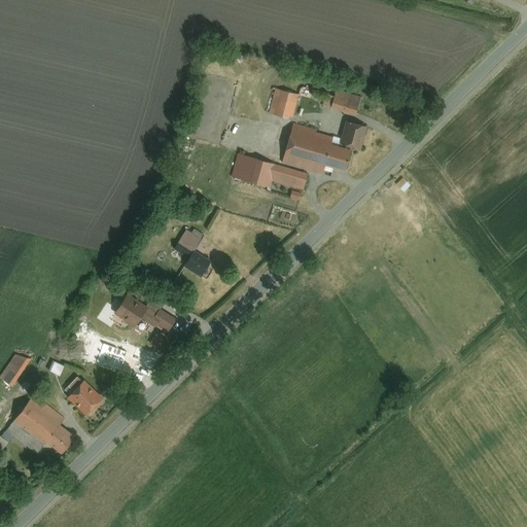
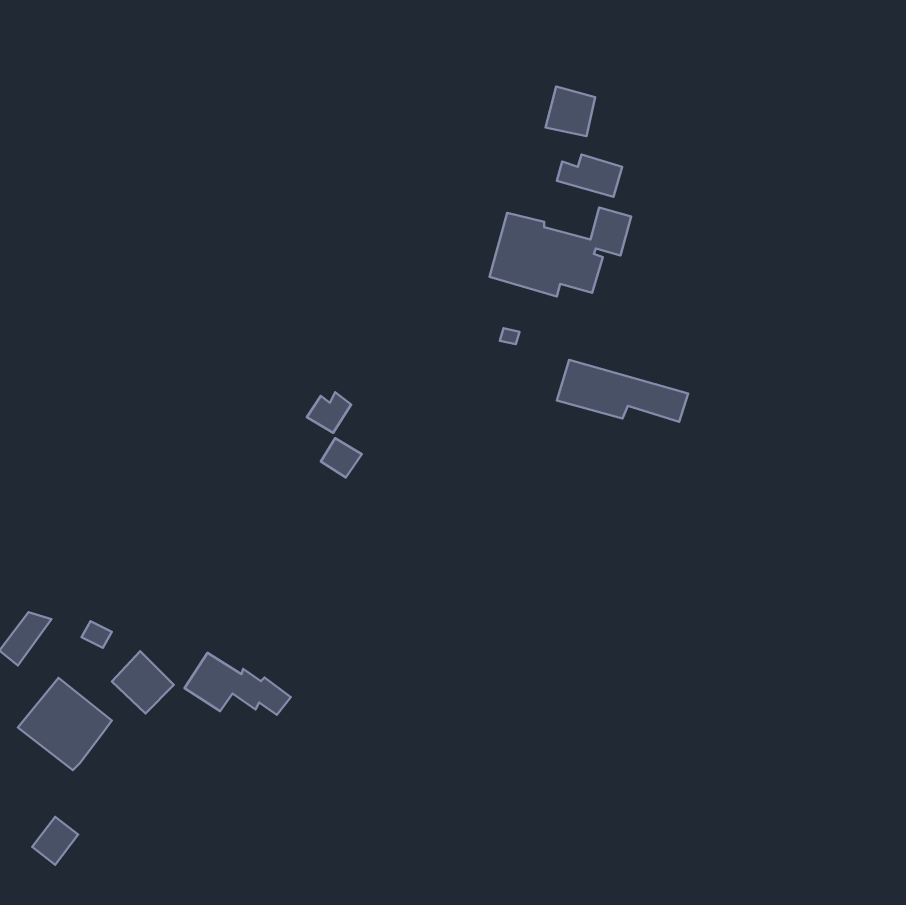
building: [270,90,298,118] -> [546,87,595,136]
building: [232,154,308,190] -> [557,360,688,422]
building: [113,294,175,330] -> [185,653,291,715]
building: [46,426,73,454] -> [32,817,78,865]

